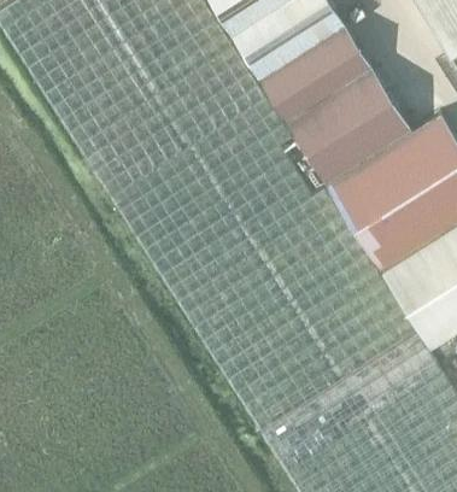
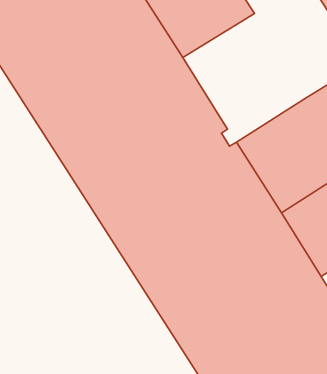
building: [262,25,412,186] -> none

